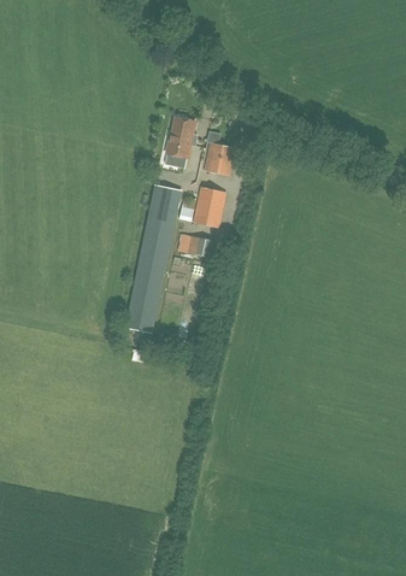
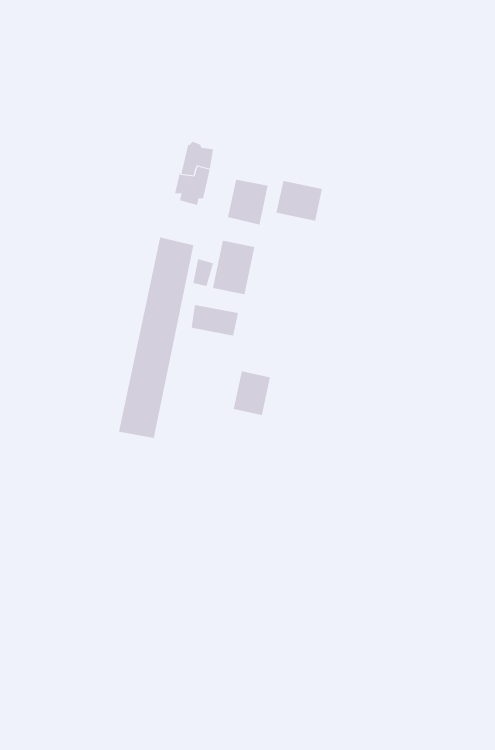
building: none -> [276,180,323,221]
building: none -> [233,370,271,416]

